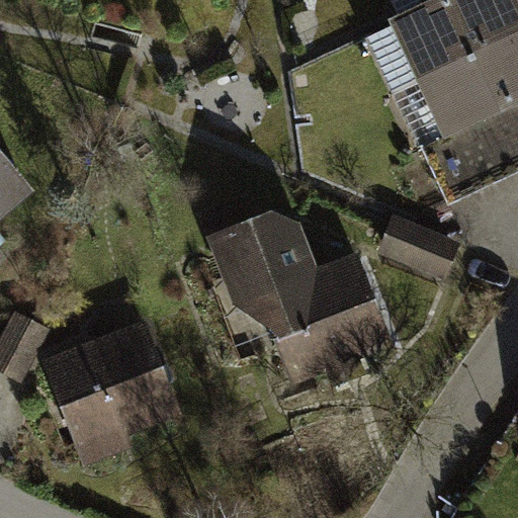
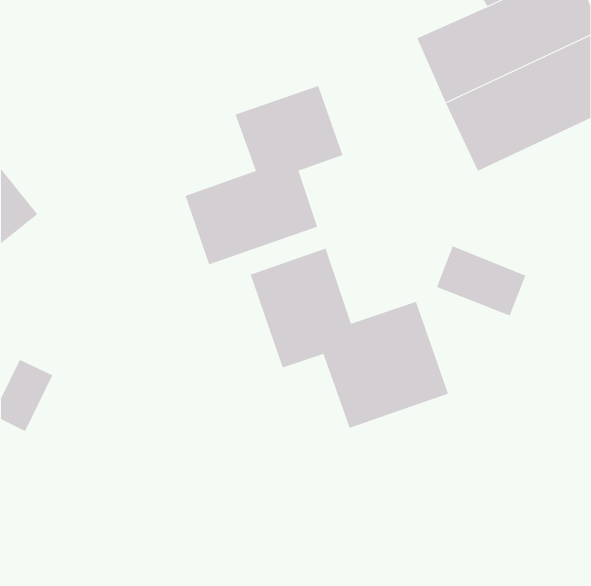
building: none -> [185,85,343,265]
building: [34,321,170,450] -> none

